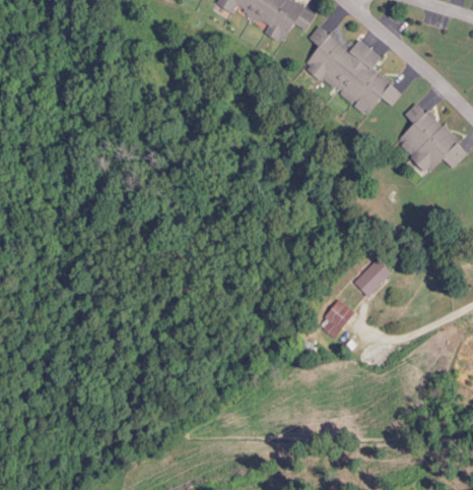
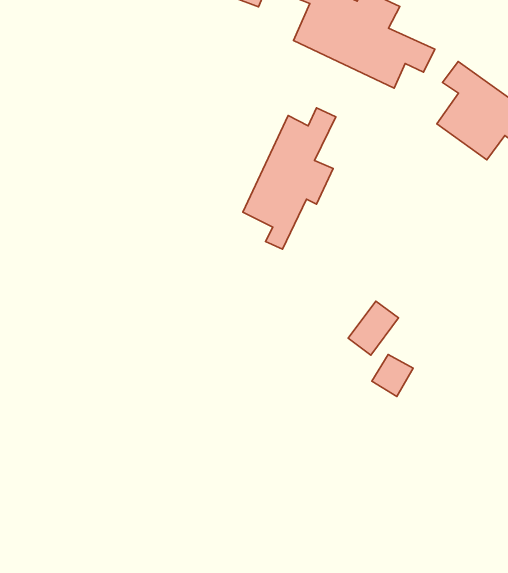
building: none -> [243,108,336,249]
building: [353,258,391,296] -> [348,301,399,355]

